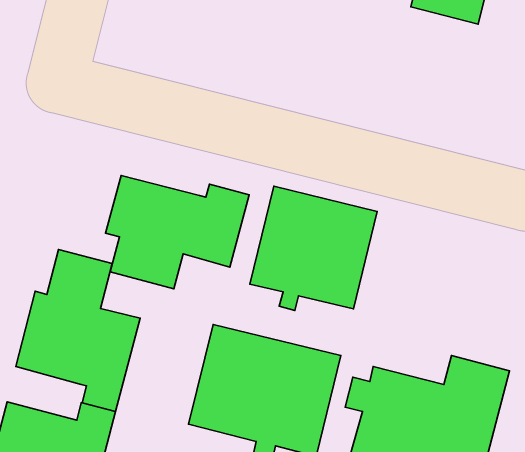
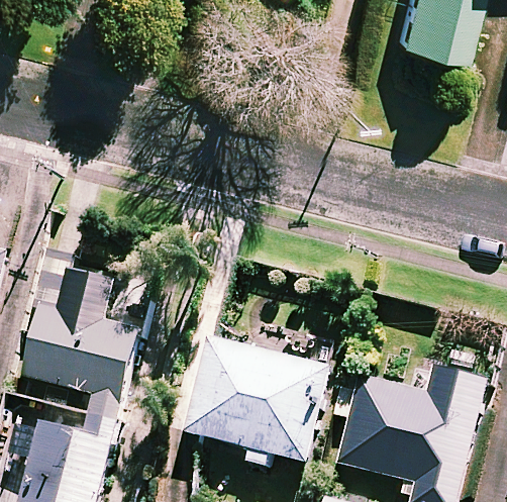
building: [105,175,249,289] -> none
building: [250,186,377,310] -> none

